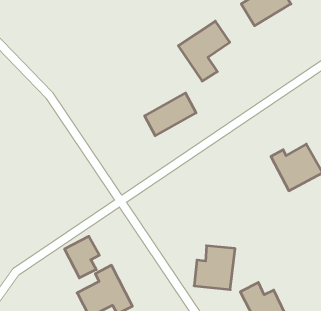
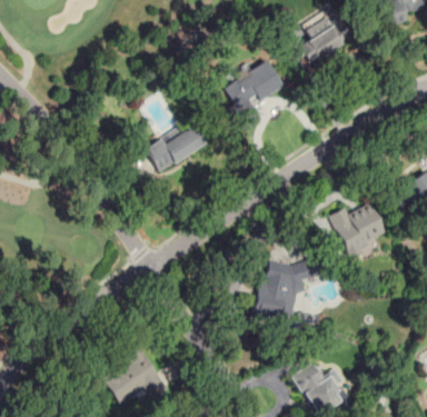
building: [145,93,196,136] -> [148,121,208,171]
building: [65,236,99,278] -> none
building: [194,246,235,290] -> [256,266,304,317]

